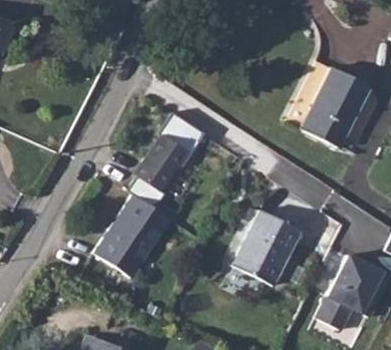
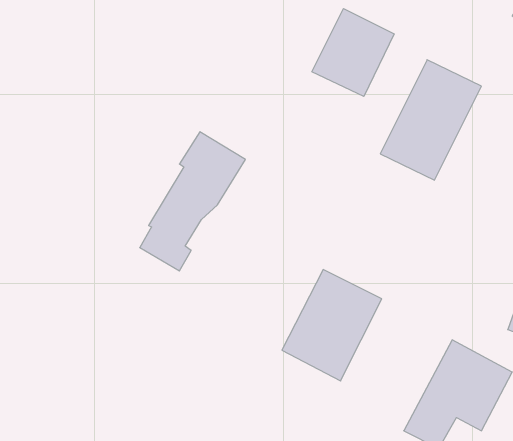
building: none -> [312,9,394,96]
building: [94,193,169,275] -> none

